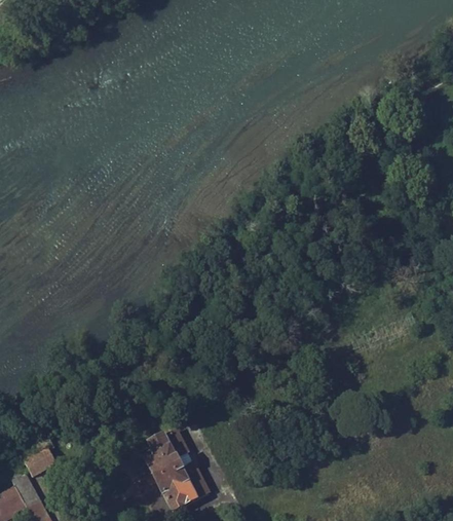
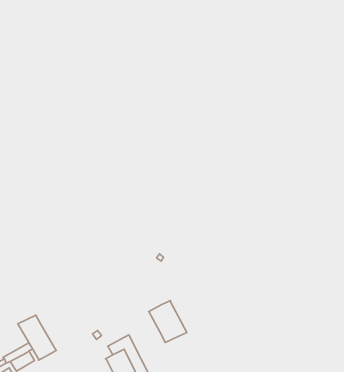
building: none -> [149,300,187,343]
building: none -> [18,315,56,360]

